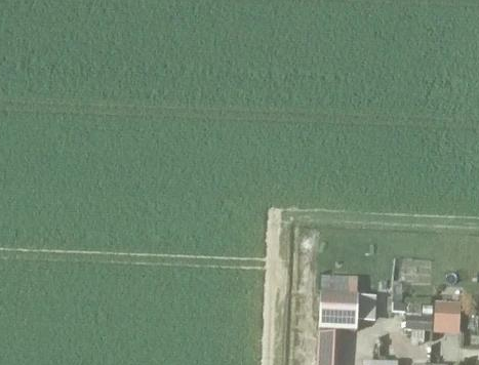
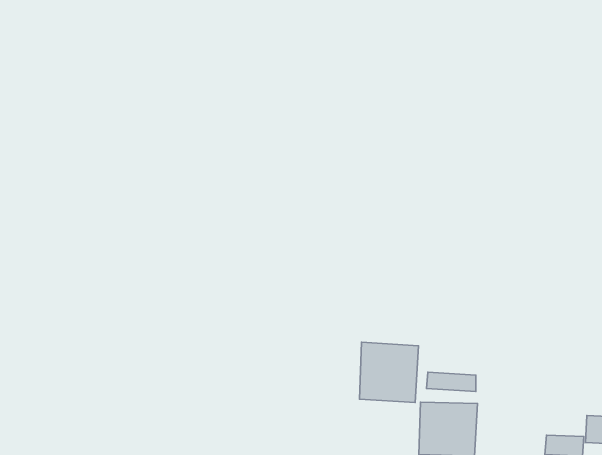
building: none -> [360,342,419,403]

